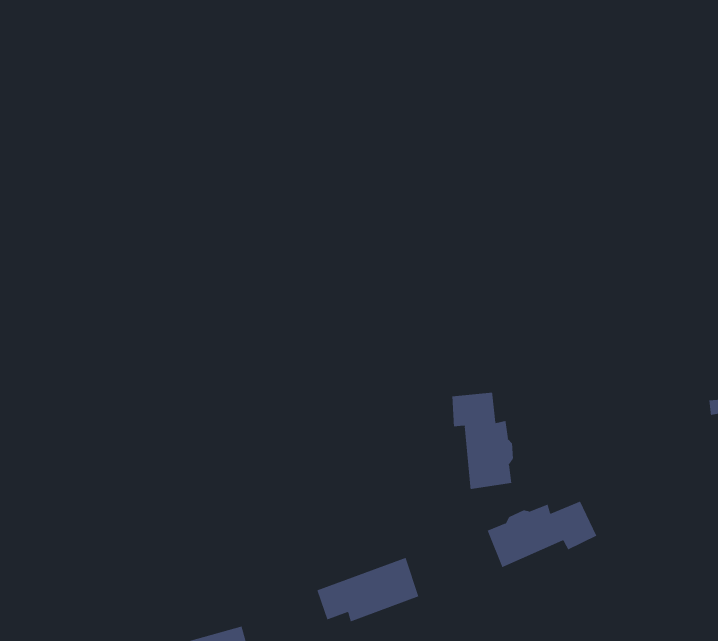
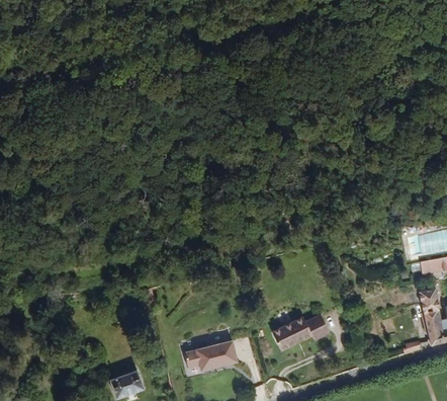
building: [452,392,513,490] -> none

